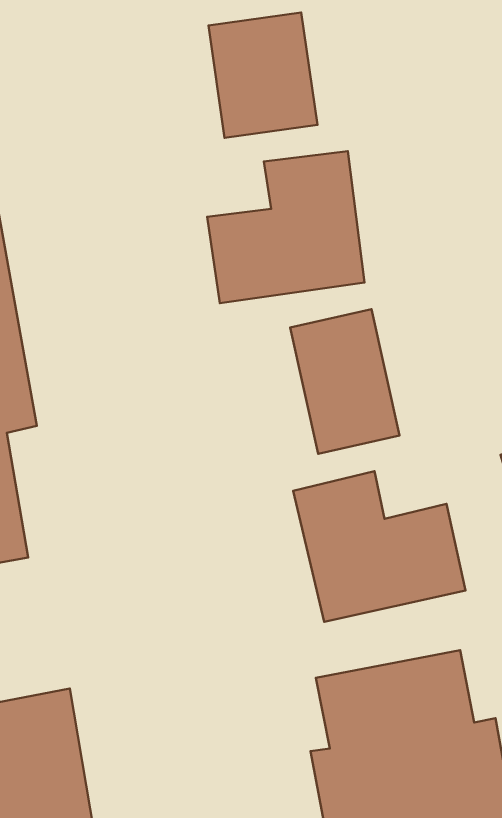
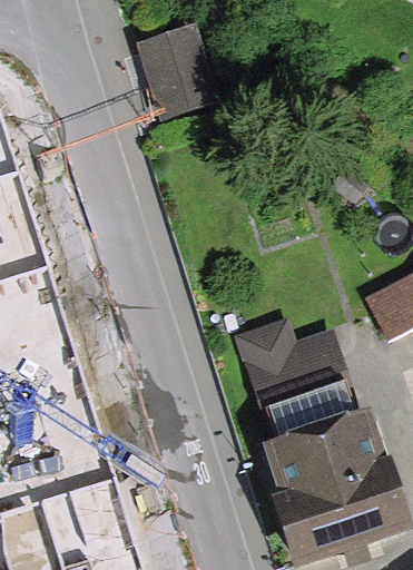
building: [207,151,365,303] -> none
building: [290,309,400,454] -> none

